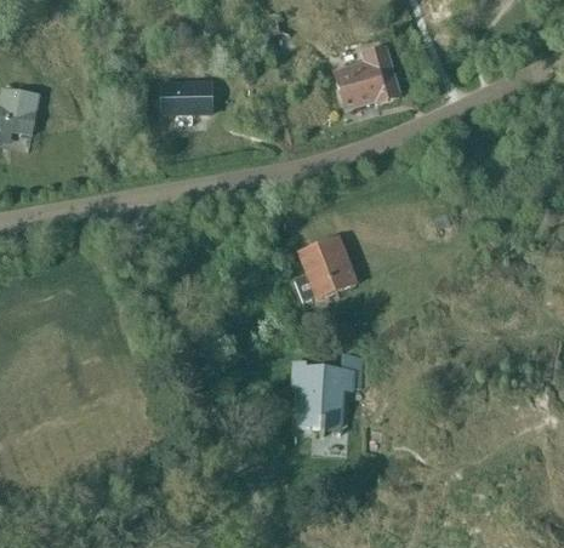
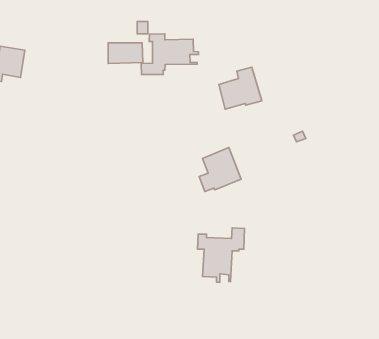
building: [335,46,398,108] -> [219,67,262,109]
building: none -> [141,34,199,74]

